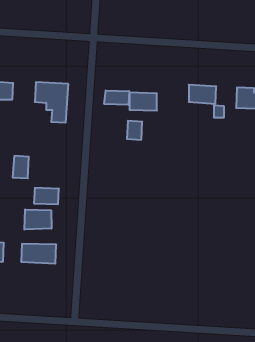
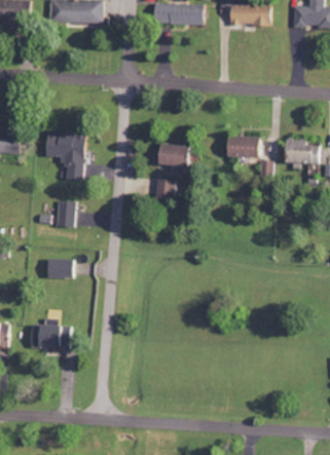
building: [104,90,129,105] -> none
building: [13,156,29,178] -> [56,201,75,228]
building: [24,209,51,230] -> none

